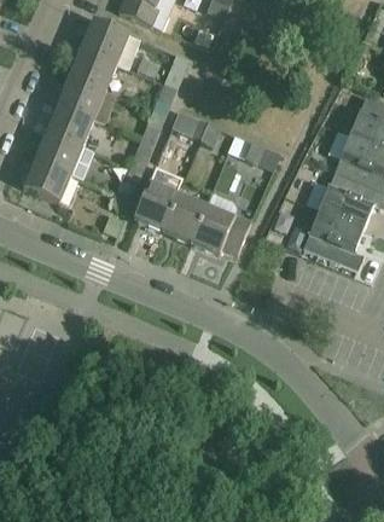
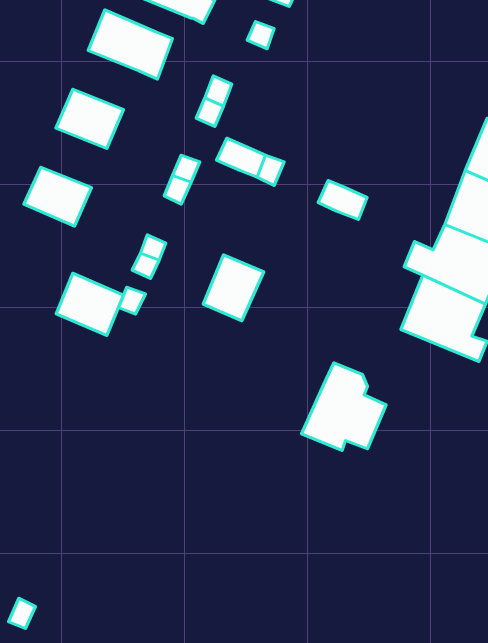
building: [69,48,116,91] -> none
building: [46,104,93,146] -> none
building: [22,158,70,203] -> [56,273,124,336]
building: [134,182,176,230] -> none
building: [190,191,250,254] -> [302,363,386,451]

